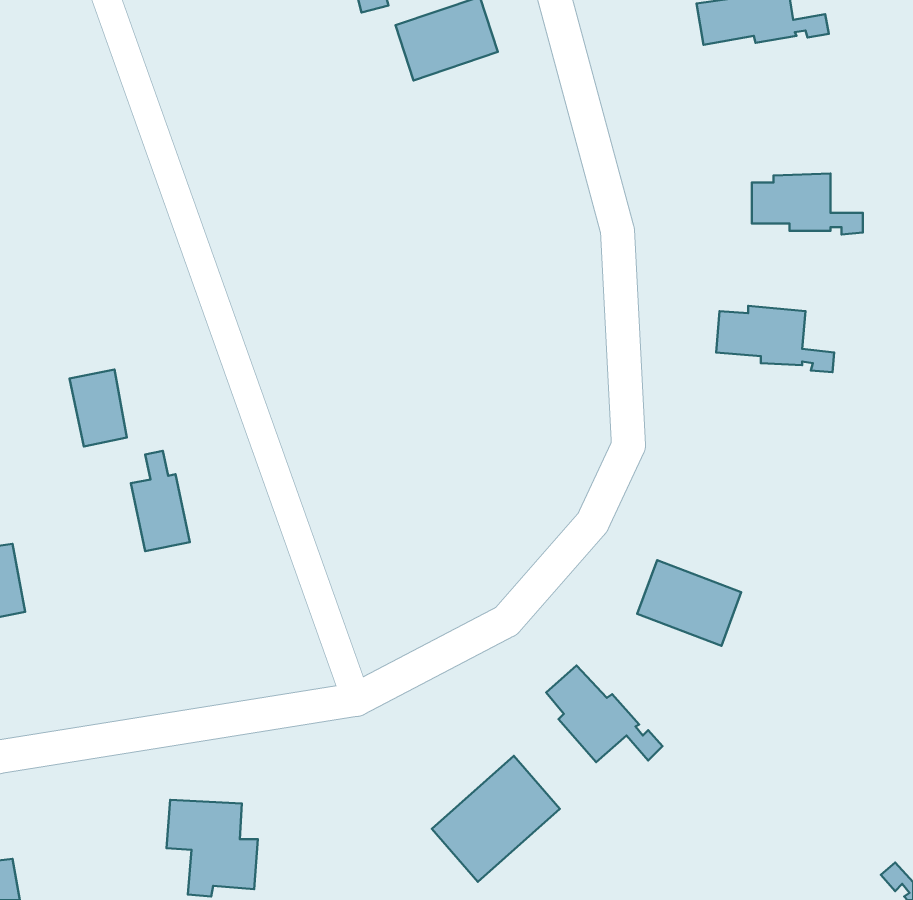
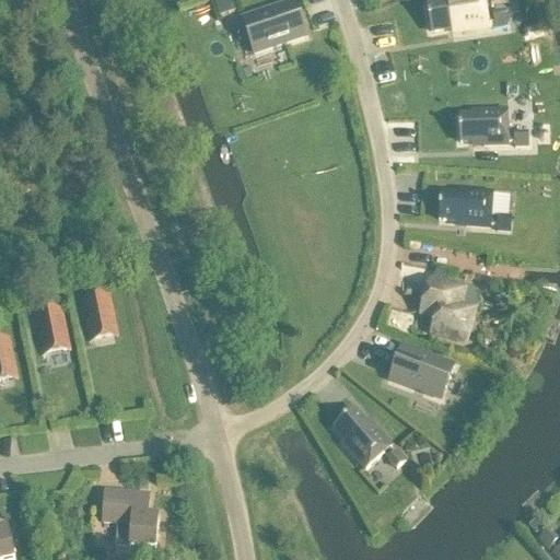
building: [70,370,127,447] -> [33,304,68,351]
building: none -> [420,277,472,338]
building: [432,756,560,882] -> none

